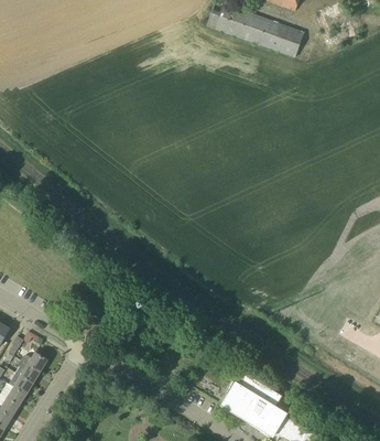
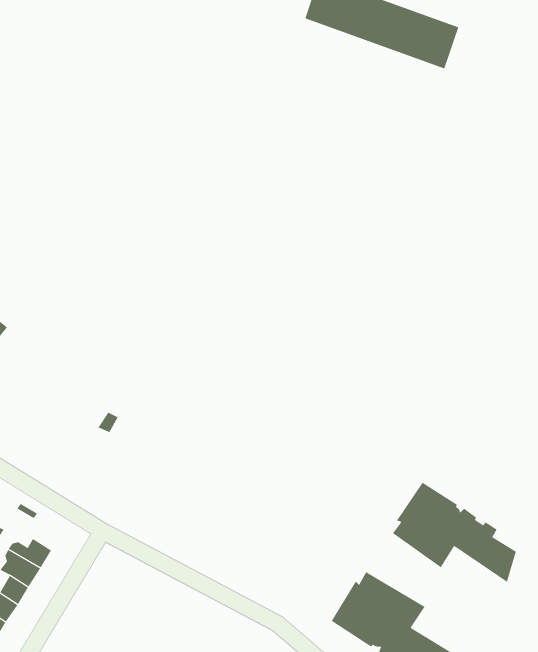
building: none -> [392,482,516,583]

